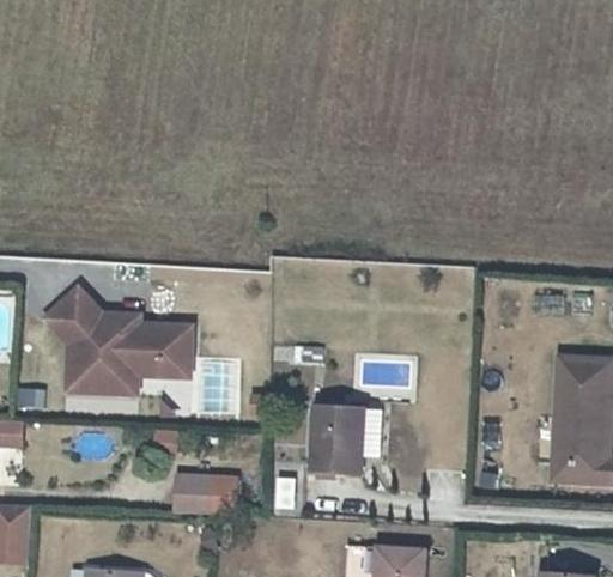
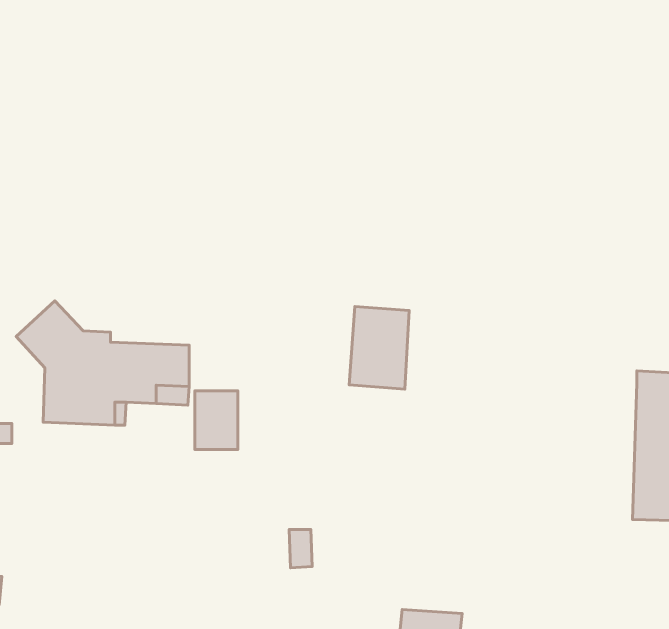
building: [315,402,365,472] -> [349,306,409,389]
building: [178,474,216,512] -> none

